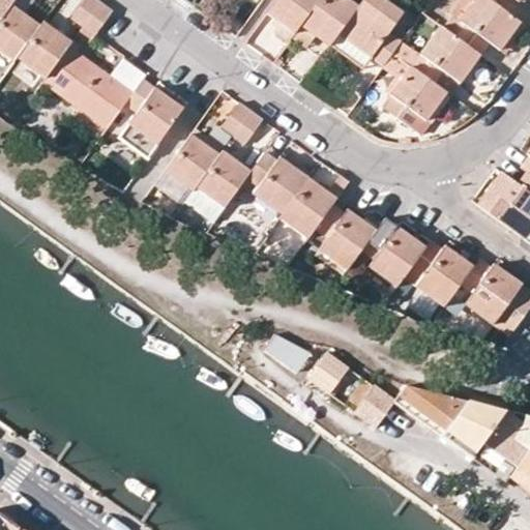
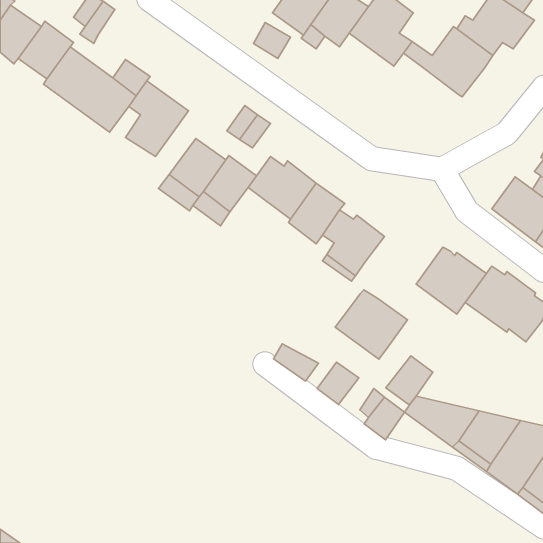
building: [386,66,447,134] -> none
building: [356,218,426,286] -> [335,290,408,359]
building: none -> [386,356,433,405]

